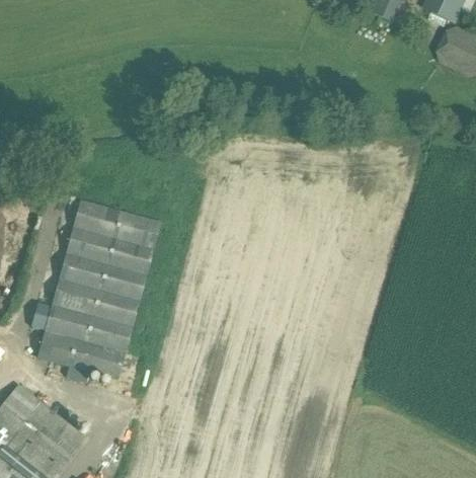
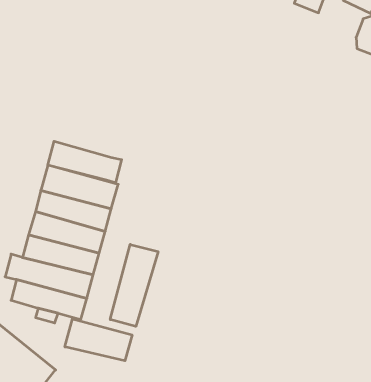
building: none -> [48,141,122,183]
building: none -> [110,244,158,326]
building: none -> [65,319,132,361]

